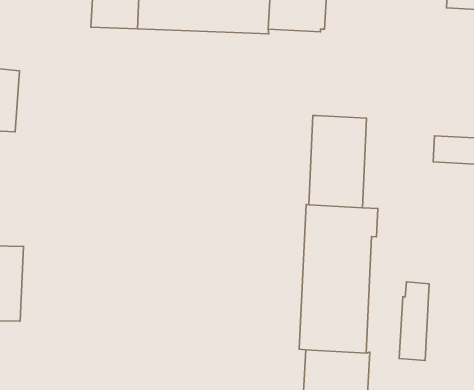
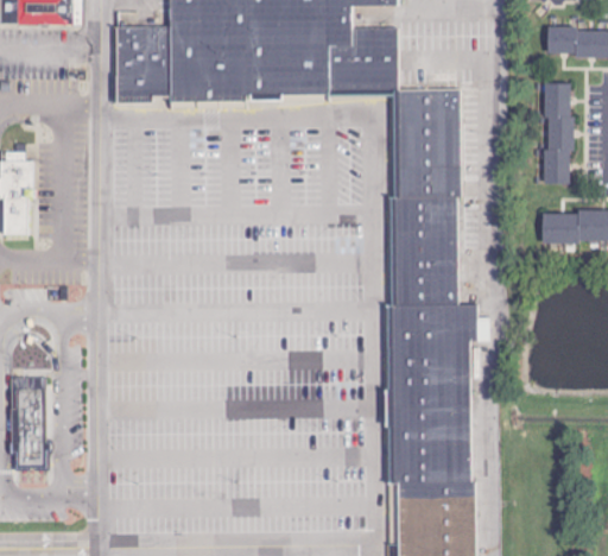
building: none -> [393,88,460,195]
building: none -> [543,83,571,184]
building: [399,282,429,360] -> none

